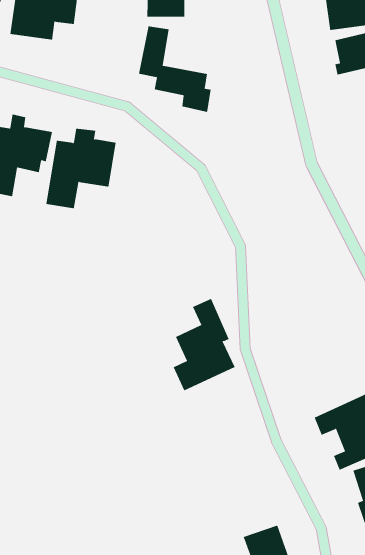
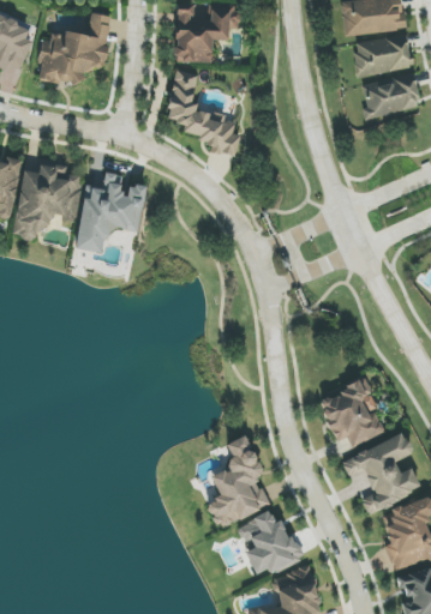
building: [173,298,235,391] -> [206,435,269,528]
building: none -> [318,379,385,447]
building: none -> [238,512,300,574]

